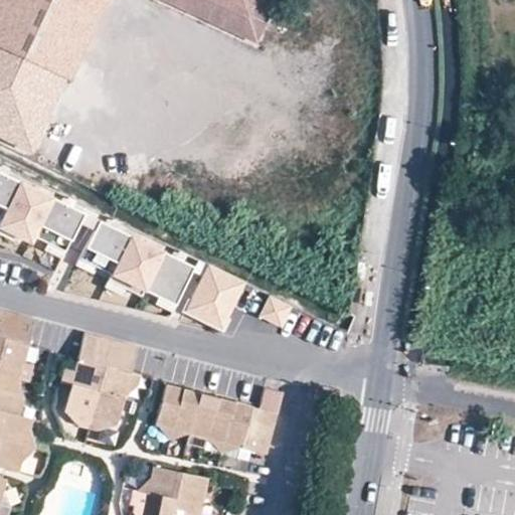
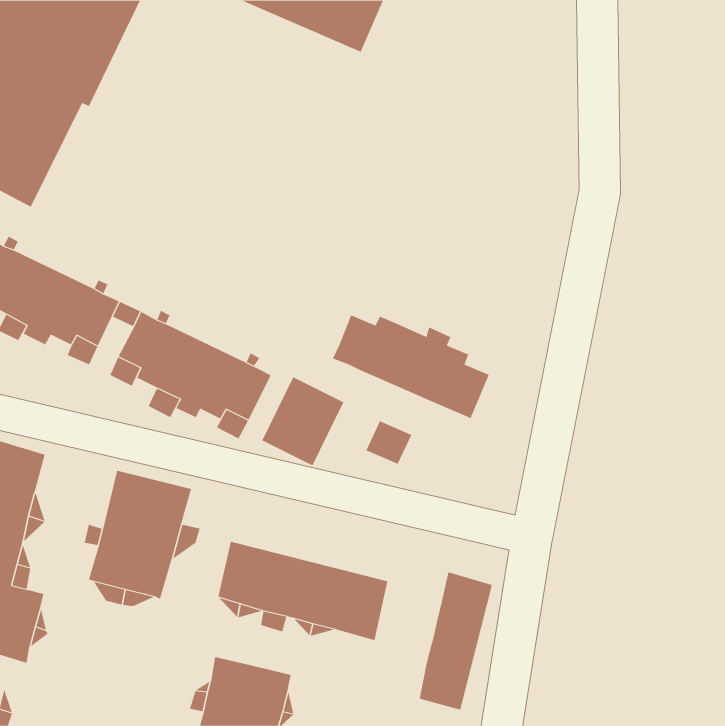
building: none -> [332,315,490,419]
building: none -> [419,572,492,711]

